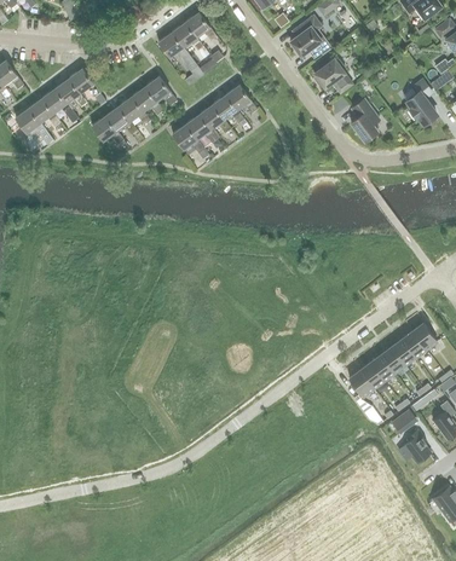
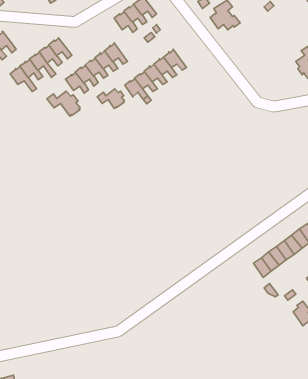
building: [314,58,352,92] -> none
building: [351,99,380,140] -> none
building: none -> [97,89,125,108]
building: none -> [47,91,80,116]

